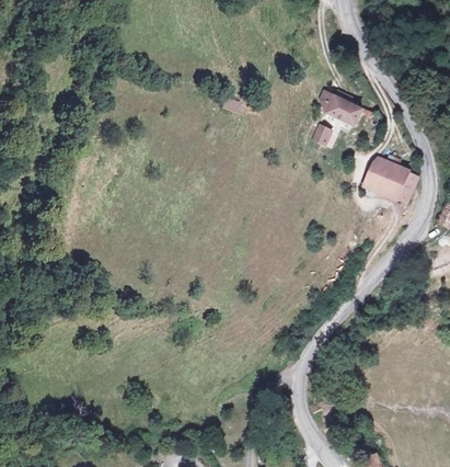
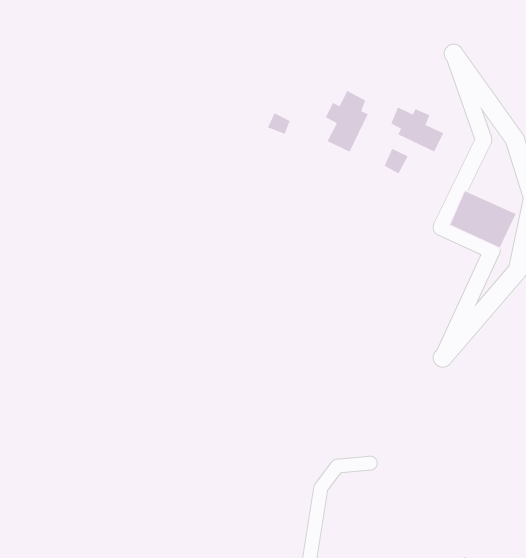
building: none -> [325,90,368,152]

